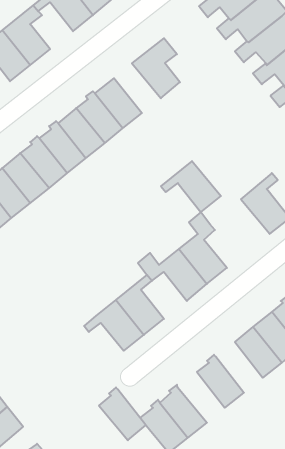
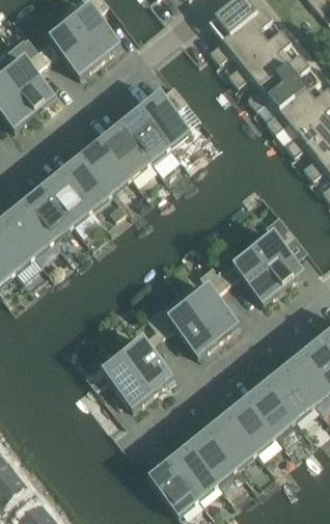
building: none -> [120,104,169,159]
building: [161,161,221,212] -> [220,248,282,301]
building: none -> [226,394,275,449]
building: [99,387,146,440] -> [187,425,236,480]

